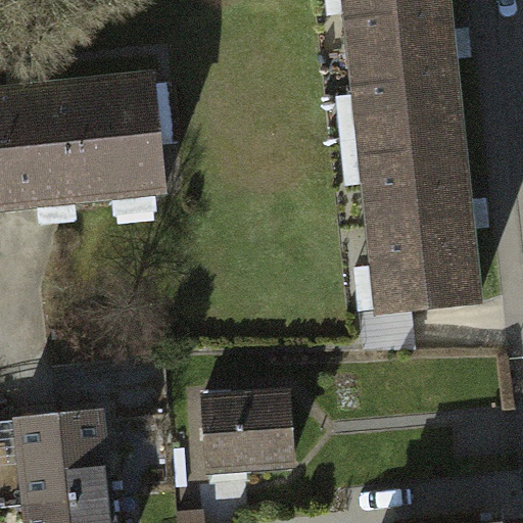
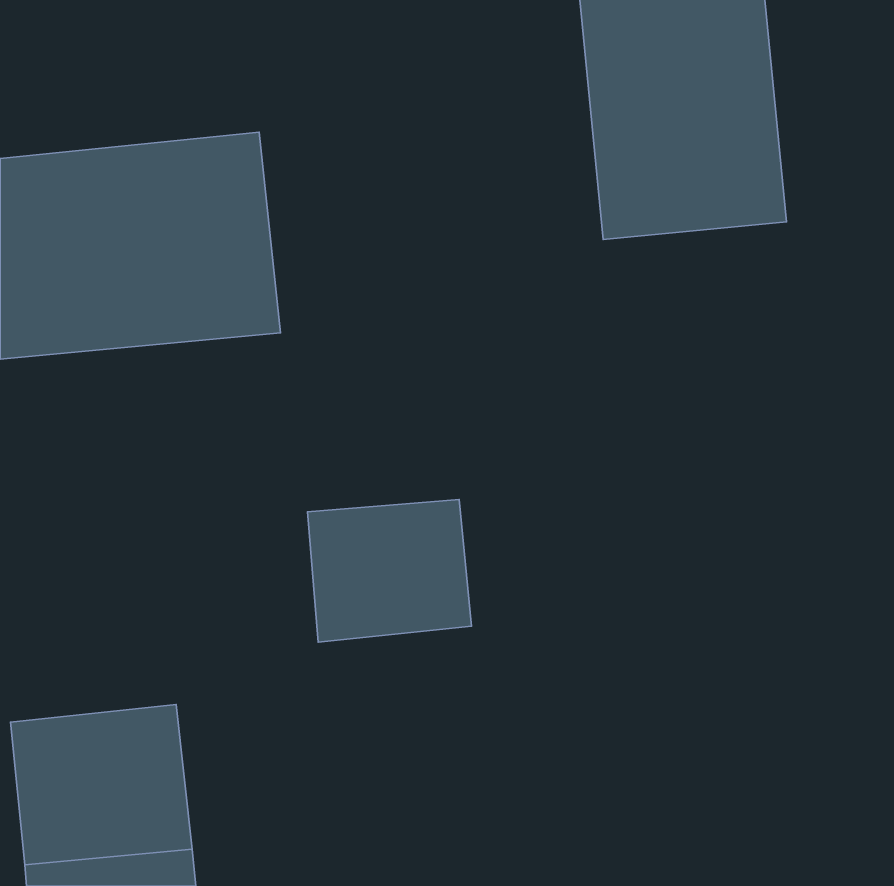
building: [353,129,476,311] -> none
building: [203,388,298,471] -> [307,499,471,642]

